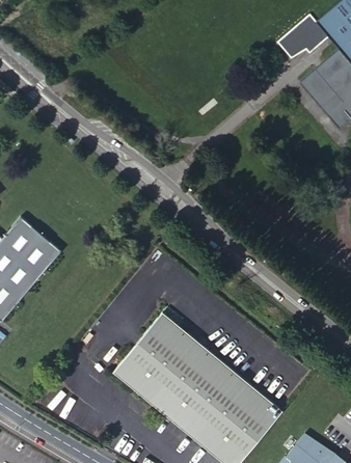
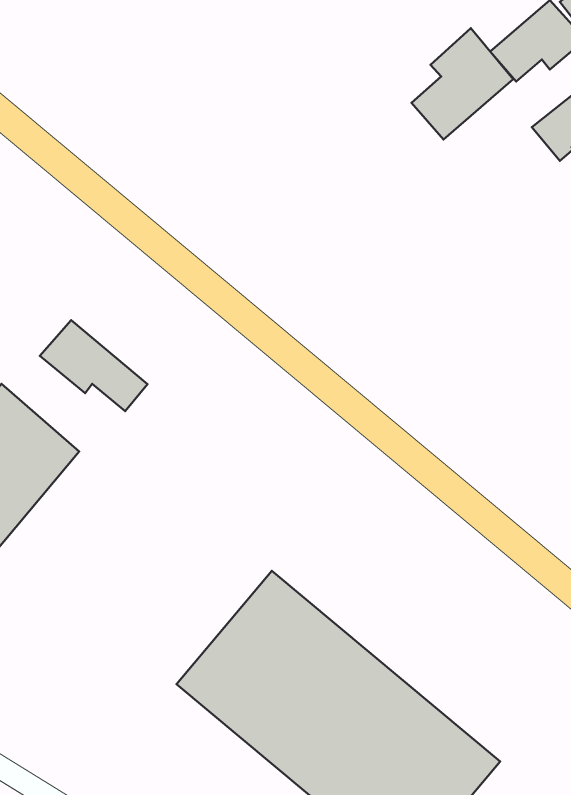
building: none -> [412,28,513,140]
building: none -> [40,320,148,411]

